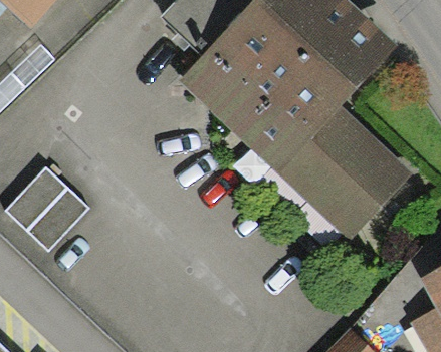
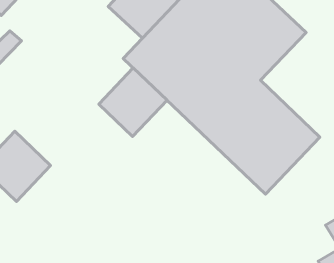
building: none -> [99,68,167,137]

